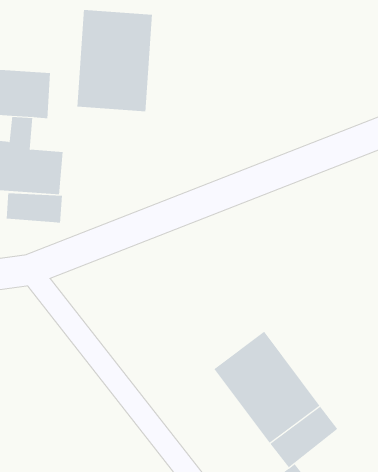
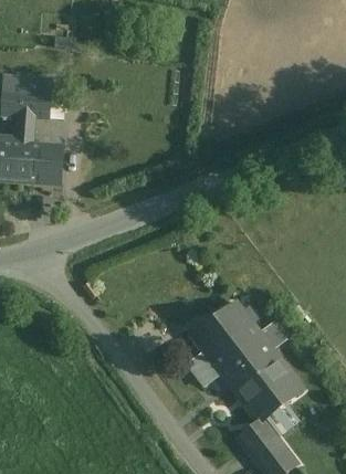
building: [77,9,152,112] -> none
building: [6,193,62,223] -> none

